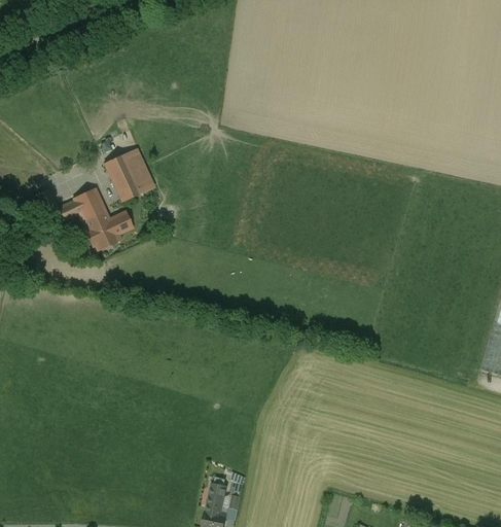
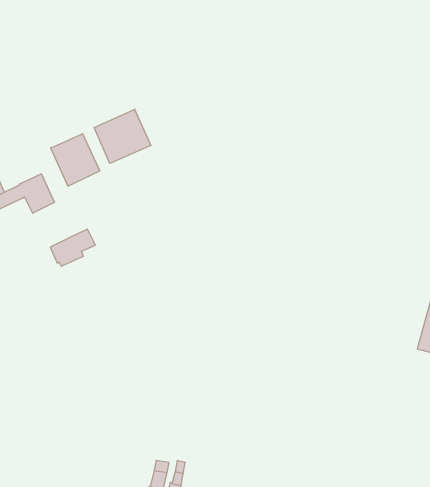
building: none -> [94,109,151,163]
building: [86,211,133,249] -> [50,229,95,266]

